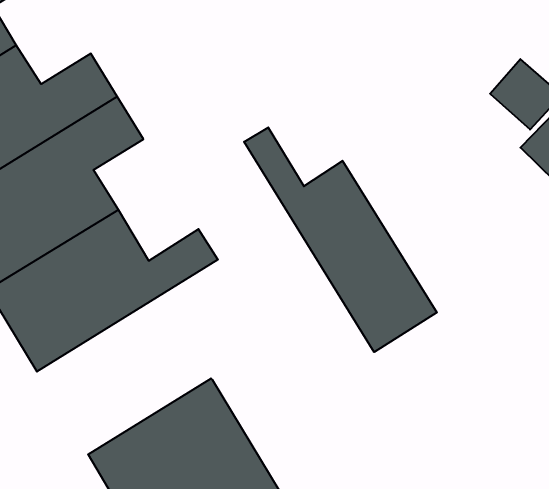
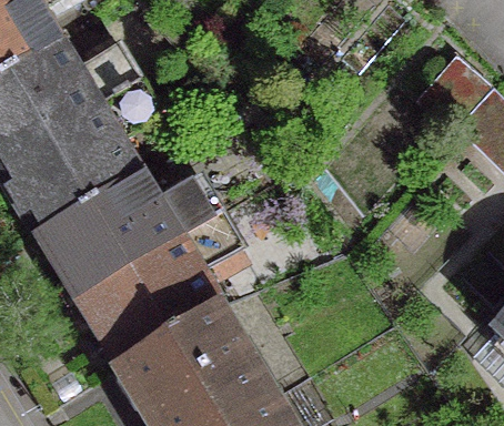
building: [244,127,437,352] -> none
building: none -> [74,210,241,366]

